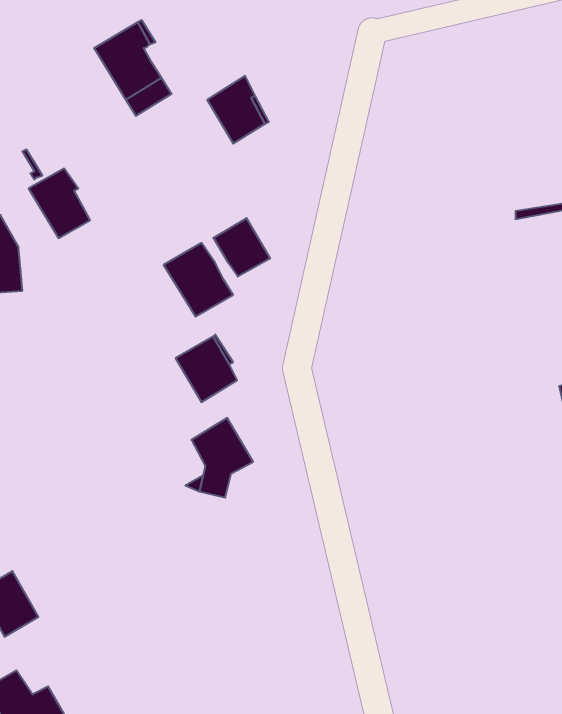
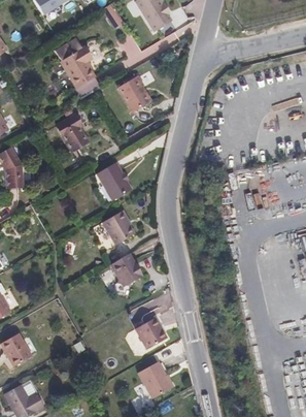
building: [29,169,90,238] -> [57,115,89,151]
building: [213,218,270,277] -> none
building: none -> [136,317,165,349]
building: none -> [137,361,172,398]

